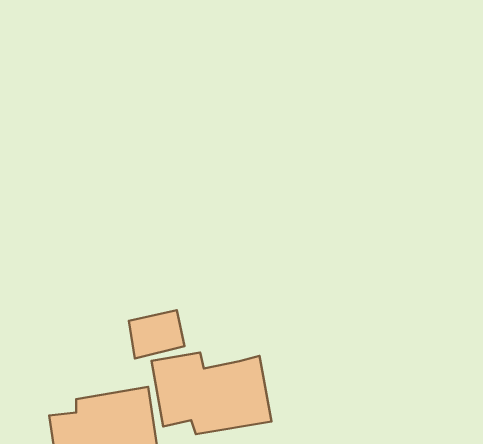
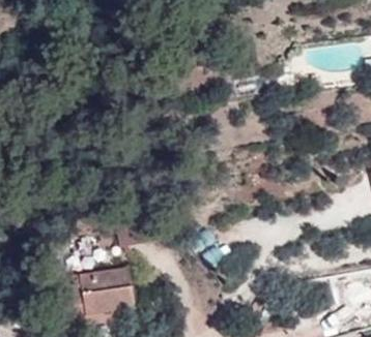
building: [151,352,271,434] -> none

